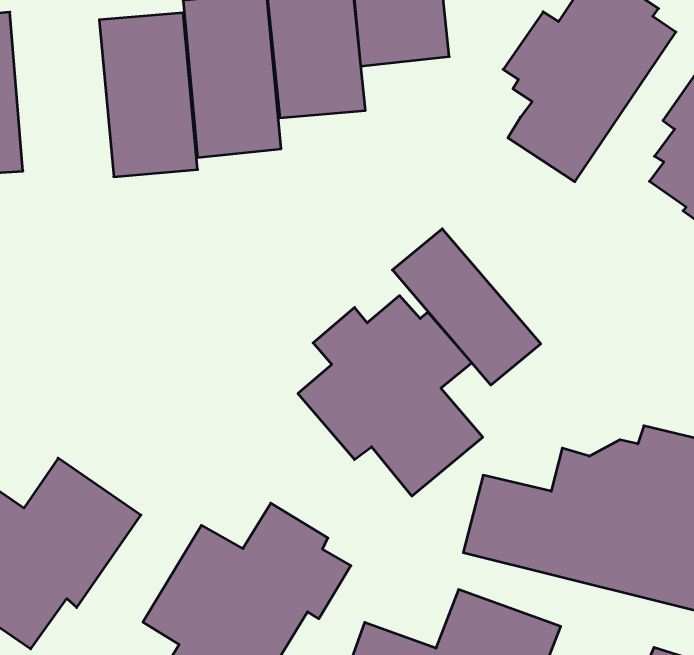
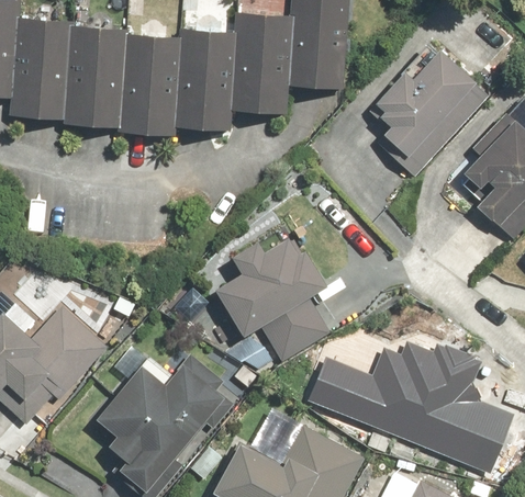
building: none -> [64,23,126,127]
building: [392,229,541,385] -> none

